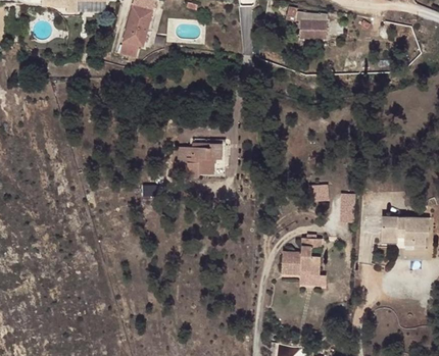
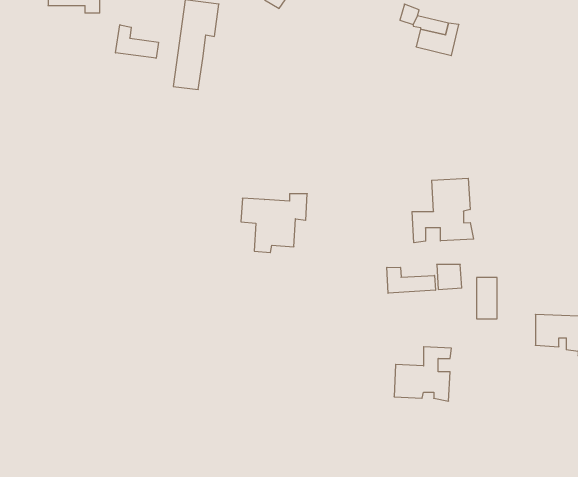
building: none -> [116,25,158,58]
building: none -> [412,178,474,243]
building: none -> [387,267,435,293]

